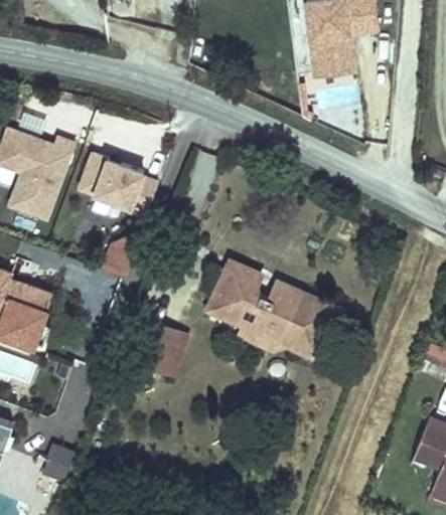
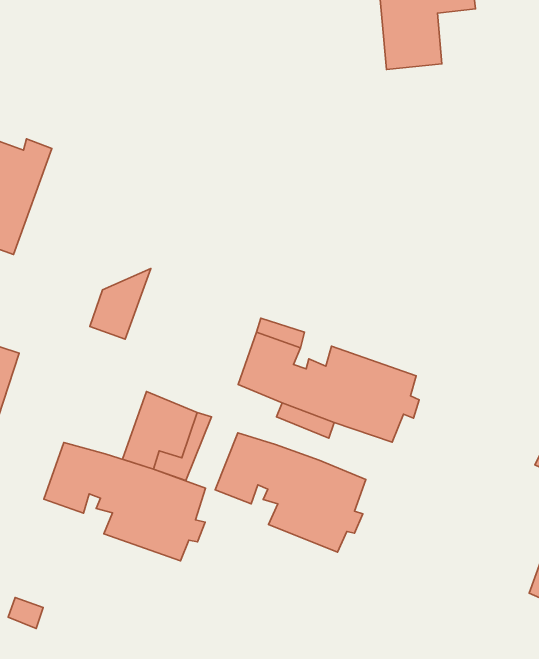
building: [79,151,158,211] -> none
building: none -> [215,433,366,552]
building: none -> [44,442,205,561]

